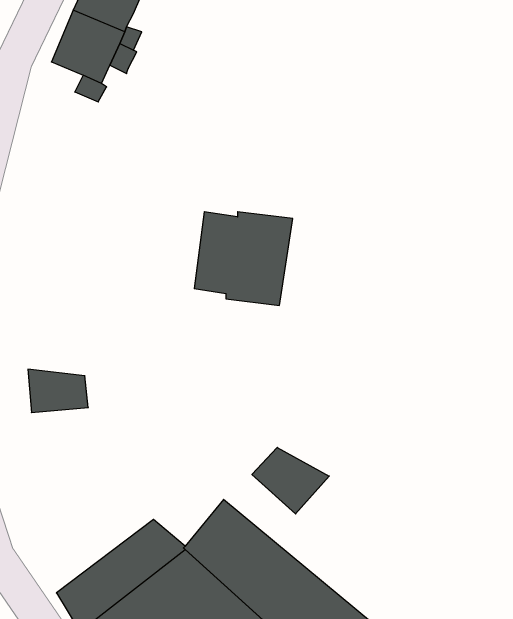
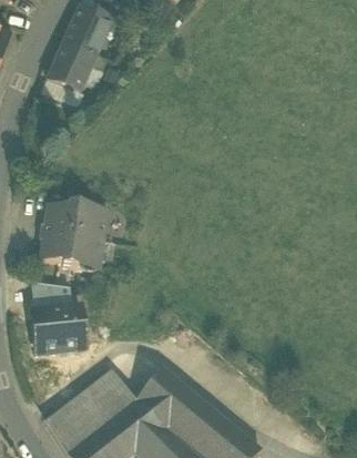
building: [194,212,293,305] -> [41,206,106,268]
building: none -> [32,305,84,352]
building: [252,447,329,514] -> none

